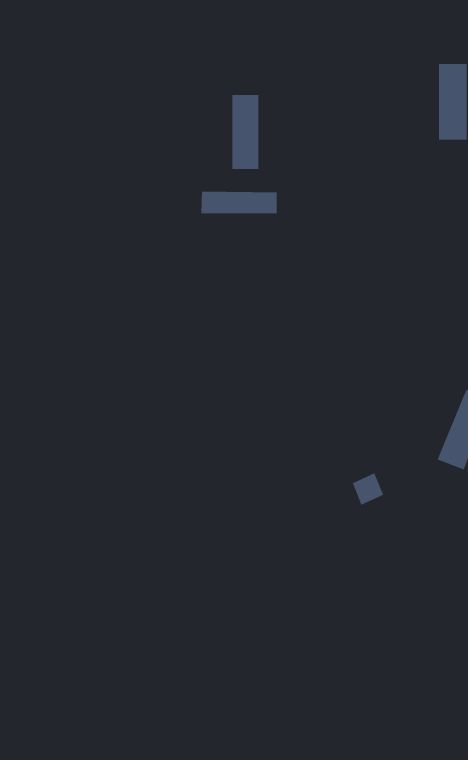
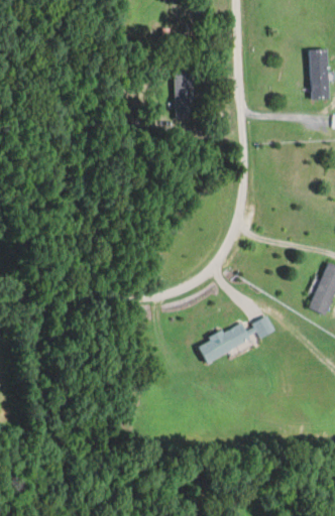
building: [201,191,277,214] -> none
building: none -> [198,322,251,364]

